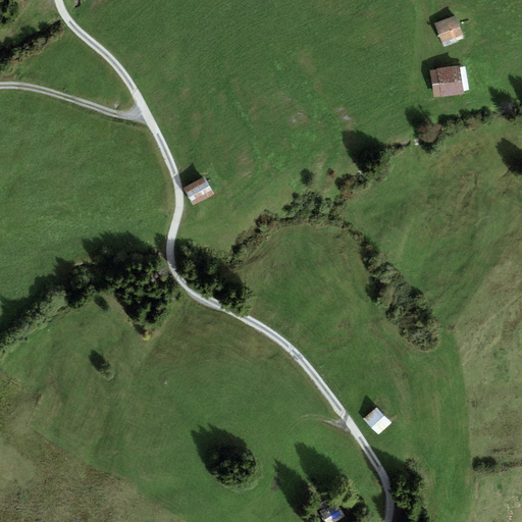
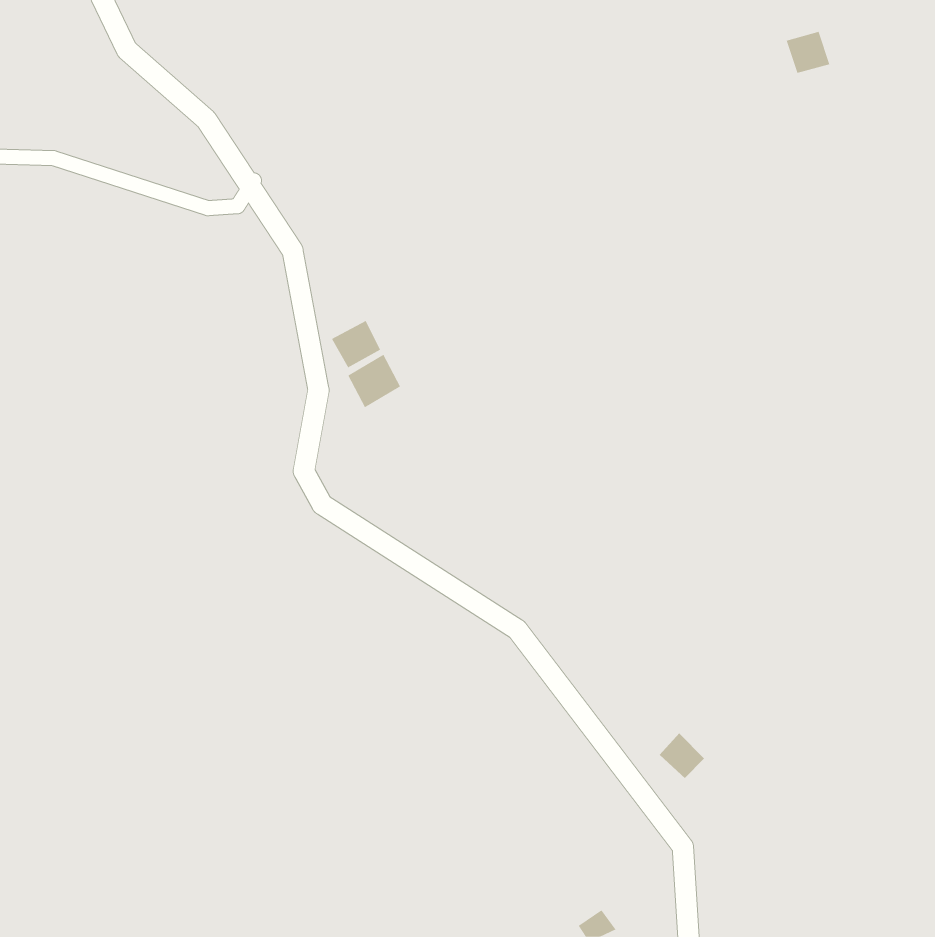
building: [431,66,461,95] -> none
building: none -> [347,354,401,408]

